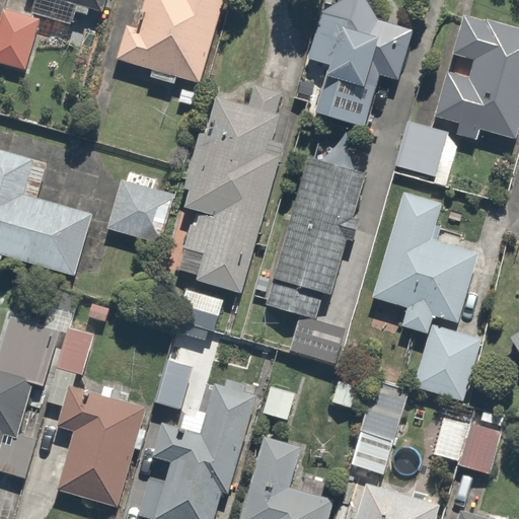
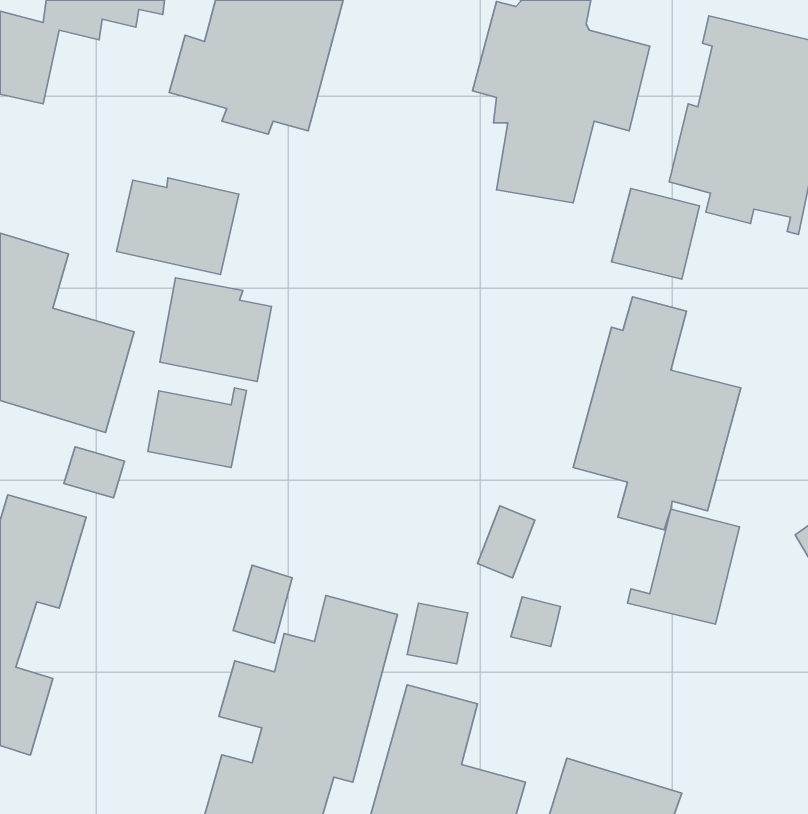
building: [177,91,296,328] -> none
building: none -> [117,178,239,275]
building: [260,156,360,325] -> none
building: none -> [148,388,247,467]
building: [47,325,145,507] -> none
building: [351,379,406,473] -> none
building: [432,419,504,477] -> none

